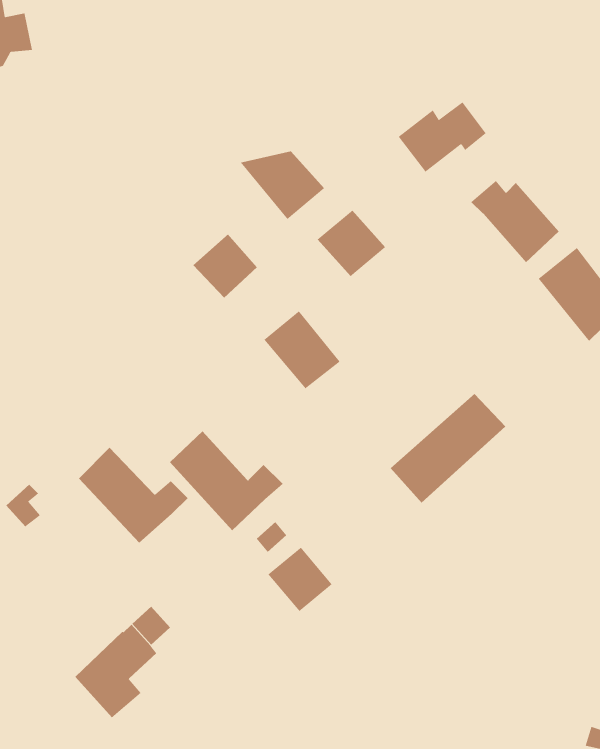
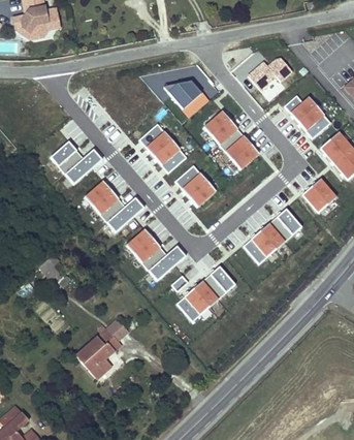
building: none -> [221,131,258,168]
building: none -> [51,140,101,183]
building: none -> [155,142,187,174]
building: none -> [300,179,336,214]
building: [78,447,188,543] -> [86,181,143,231]
building: none -> [195,266,237,308]

